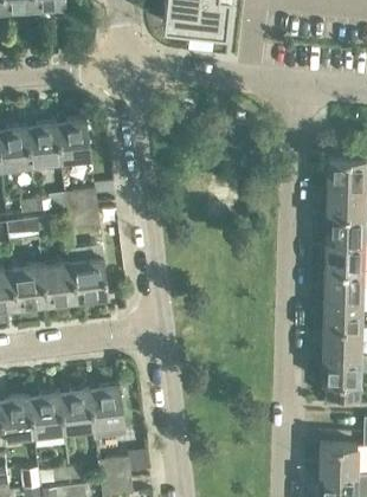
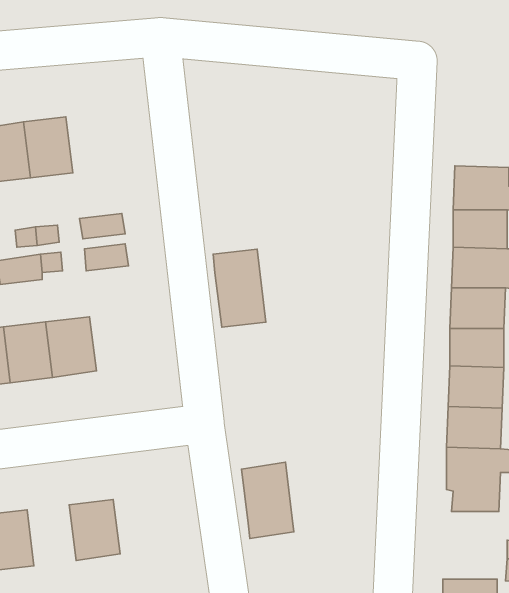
building: [56,120,91,162] -> none
building: [71,246,108,301] -> [213,249,266,327]
building: [89,386,125,439] -> [241,462,294,538]
building: [28,394,63,437] -> none

